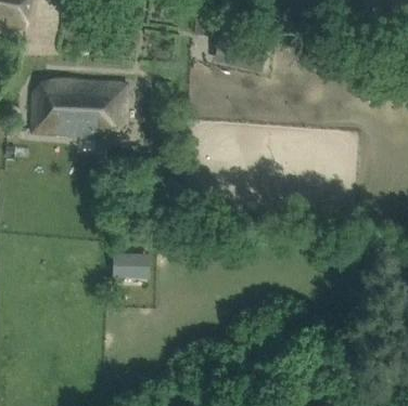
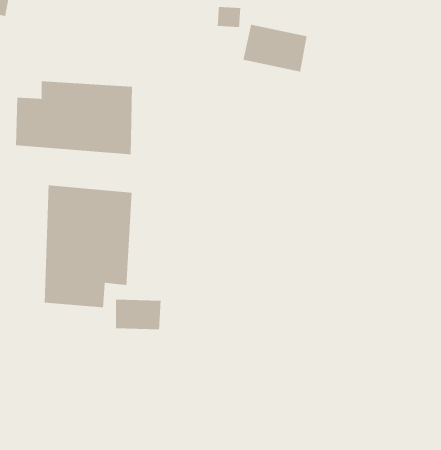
building: none -> [44,185,133,308]

